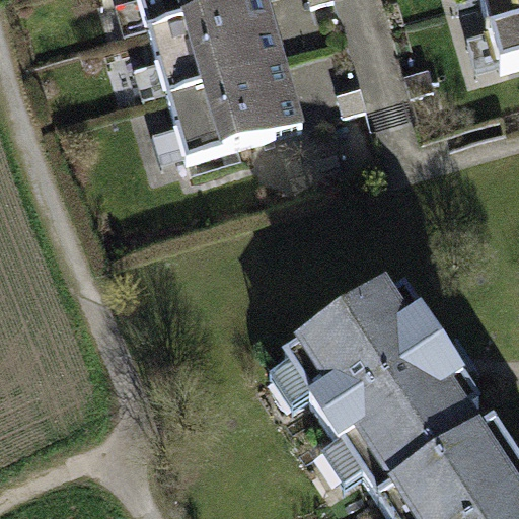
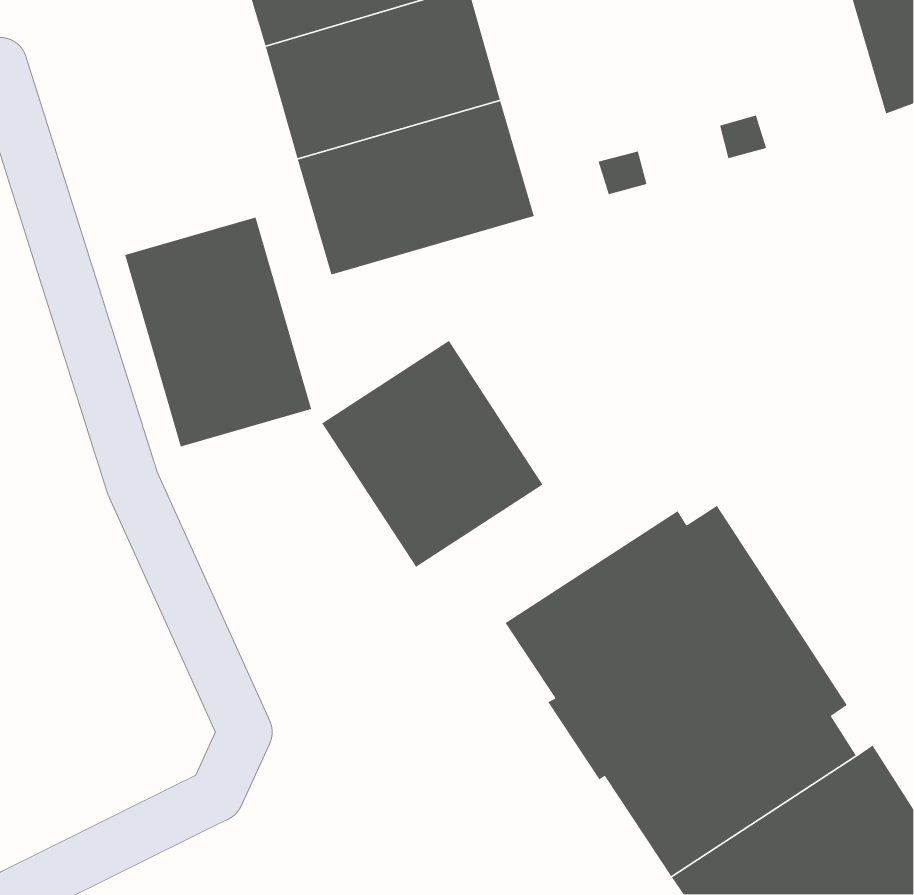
building: none -> [124,217,312,447]
building: none -> [321,340,544,568]

